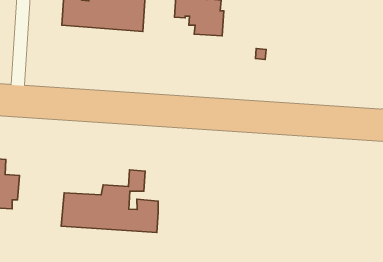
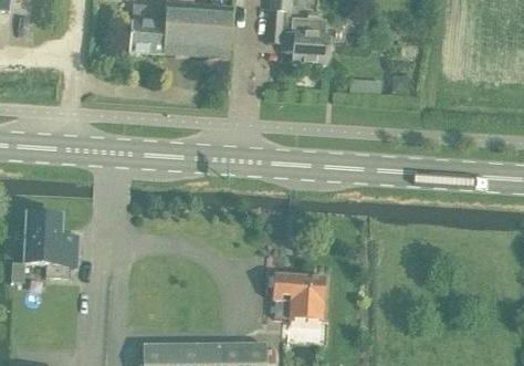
building: [61,170,158,232] -> none
building: none -> [271,272,325,318]

